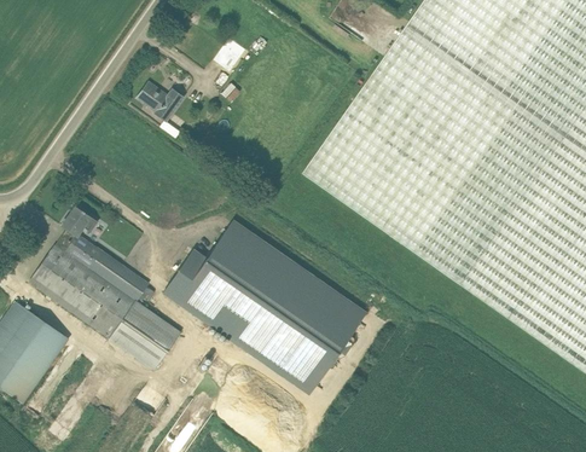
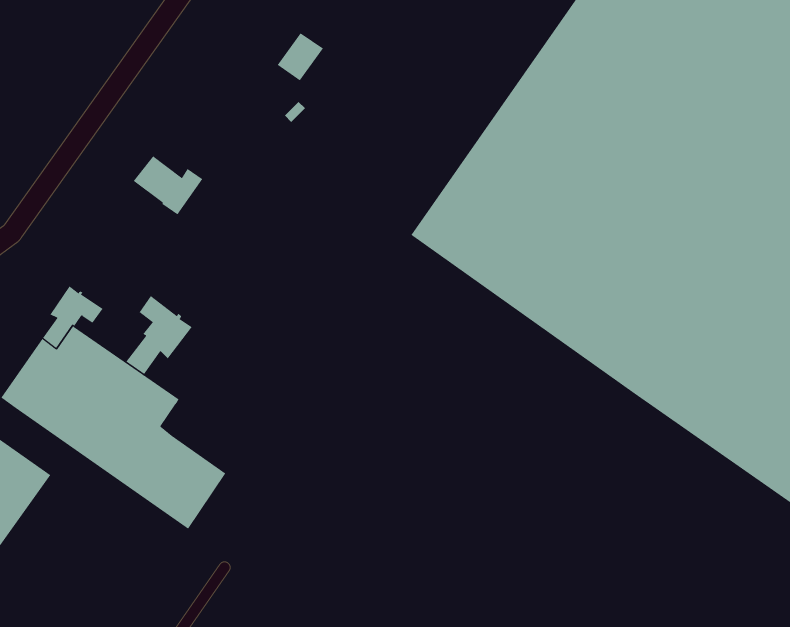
building: [137,80,184,120] -> [133,156,203,215]
building: none -> [125,295,193,375]
building: [164,220,366,392] -> none

